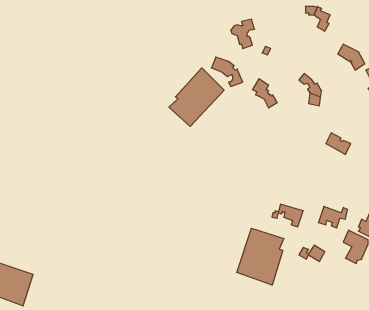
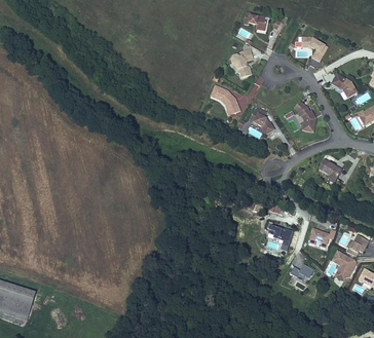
building: [169,68,224,126] -> none
building: [237,228,284,285] -> none

